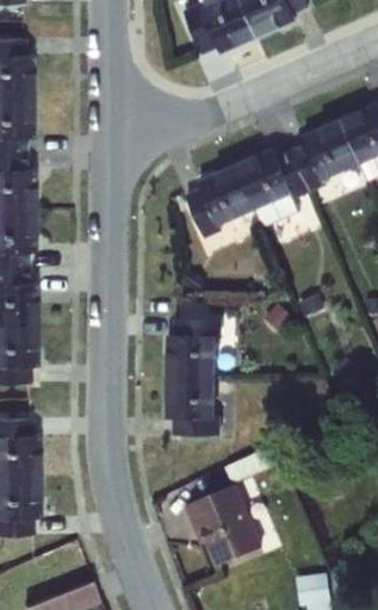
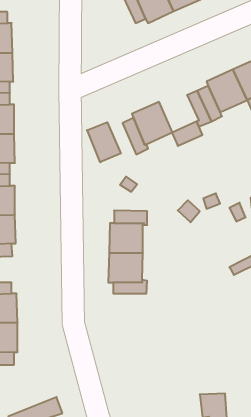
building: [238,148,295,207] -> none
building: none -> [87,122,121,162]
building: [186,447,274,567] -> none

